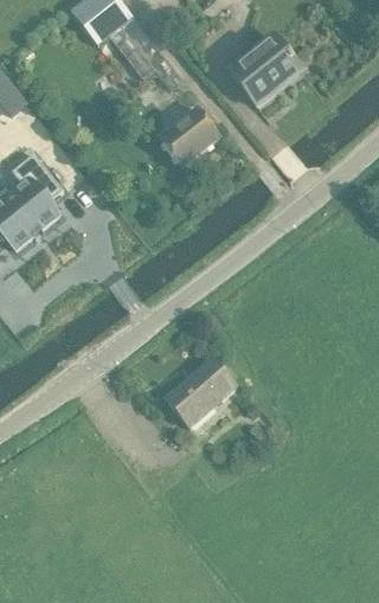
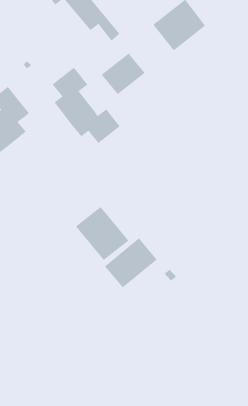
building: none -> [52,67,121,144]
building: none -> [75,206,129,261]

